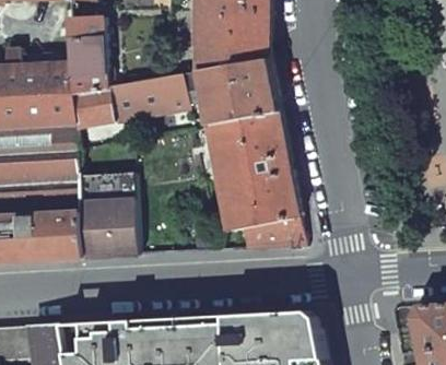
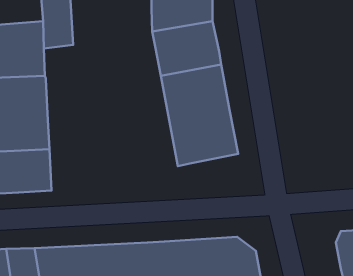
building: [71,73,200,128] -> none
building: [75,173,136,258] -> none
building: [240,215,303,249] -> none

